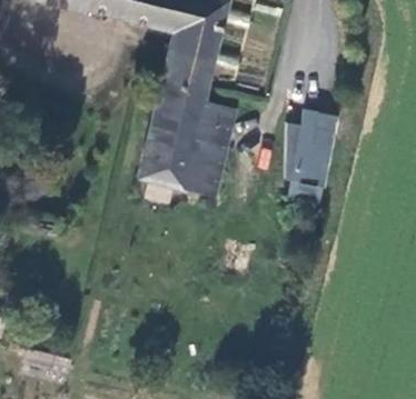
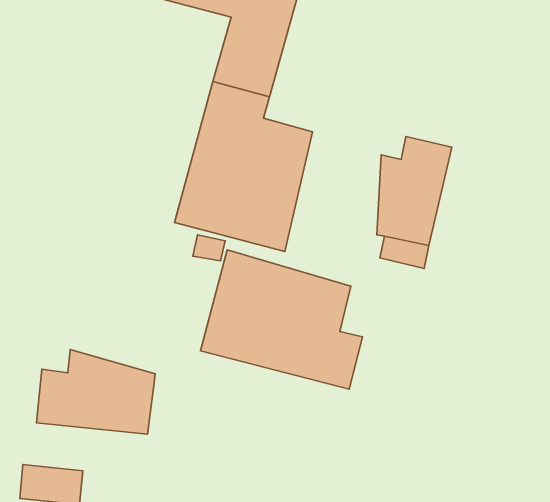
building: none -> [201,250,363,389]
building: none -> [36,349,155,434]

